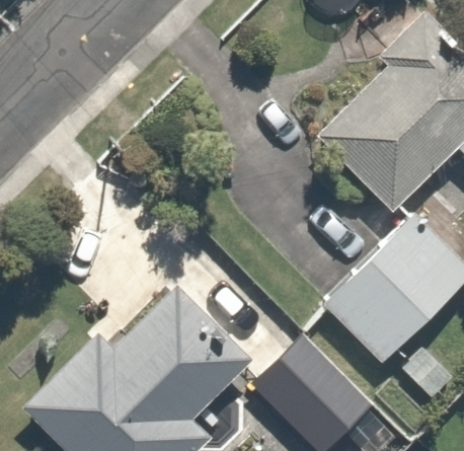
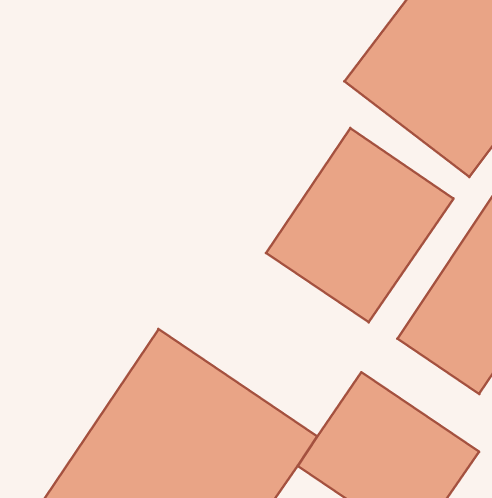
building: none -> [266,128,453,322]

